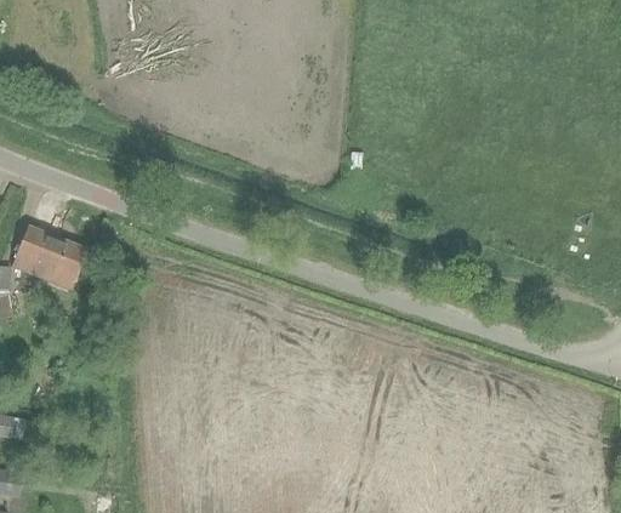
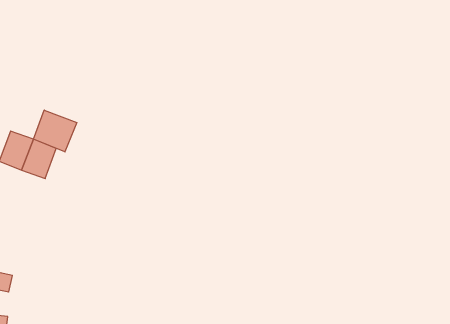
building: none -> [34,110,77,152]

